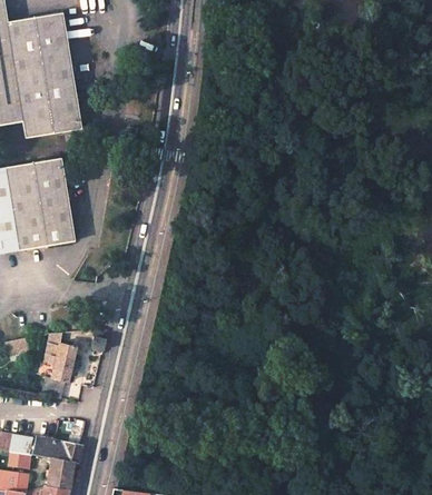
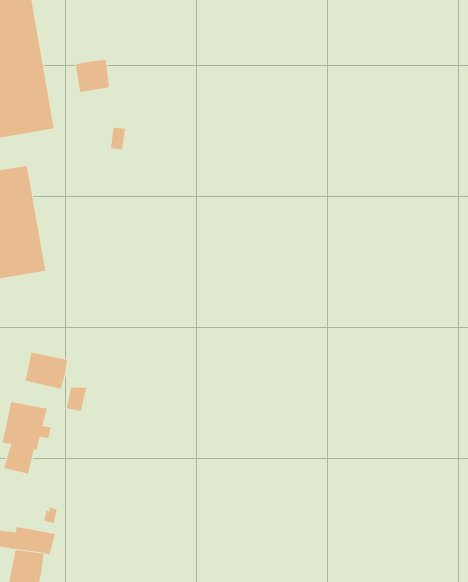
building: none -> [75,59,110,93]
building: none -> [25,352,68,390]

